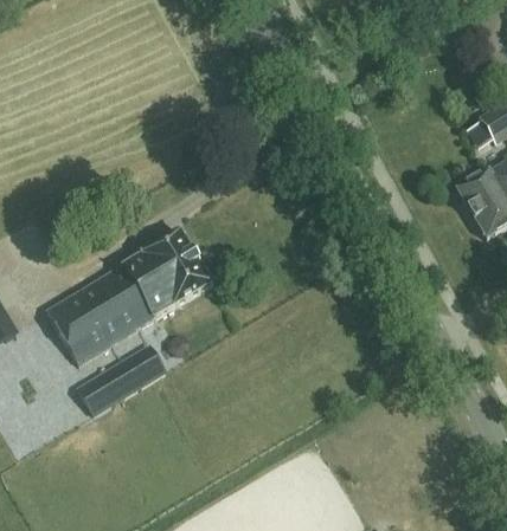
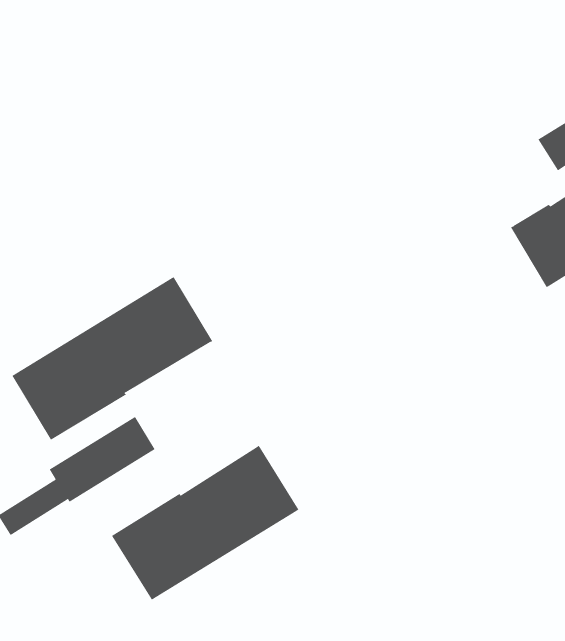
building: none -> [111,445,299,600]

